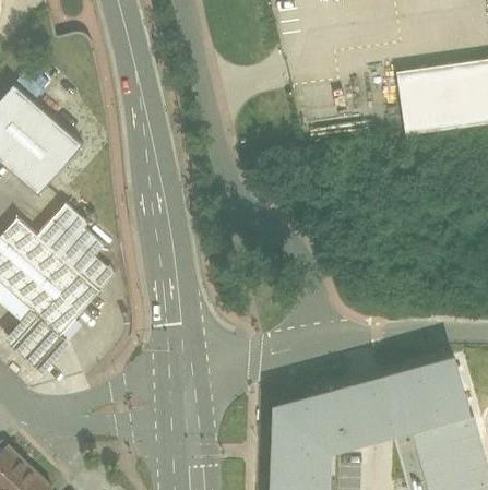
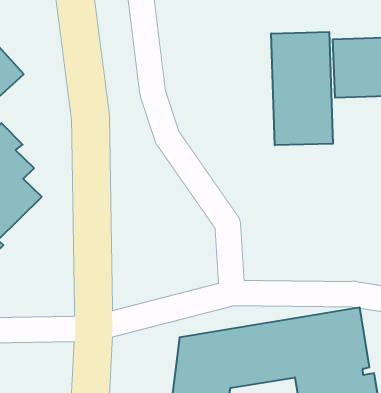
building: none -> [271,32,333,145]

